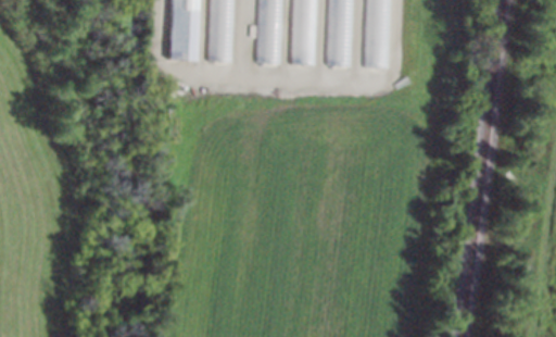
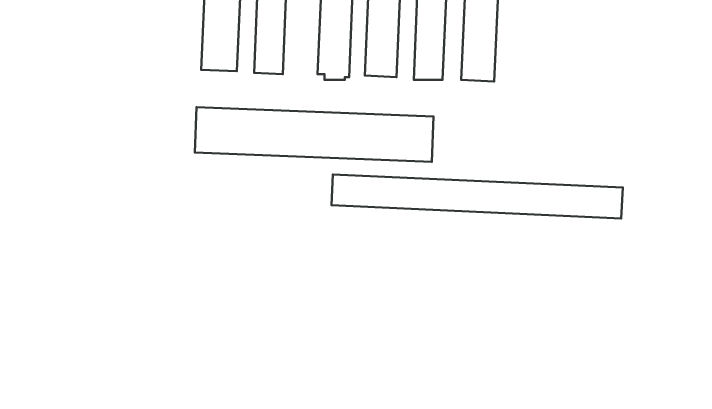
building: none -> [195,107,434,162]
building: none -> [331,174,623,218]

